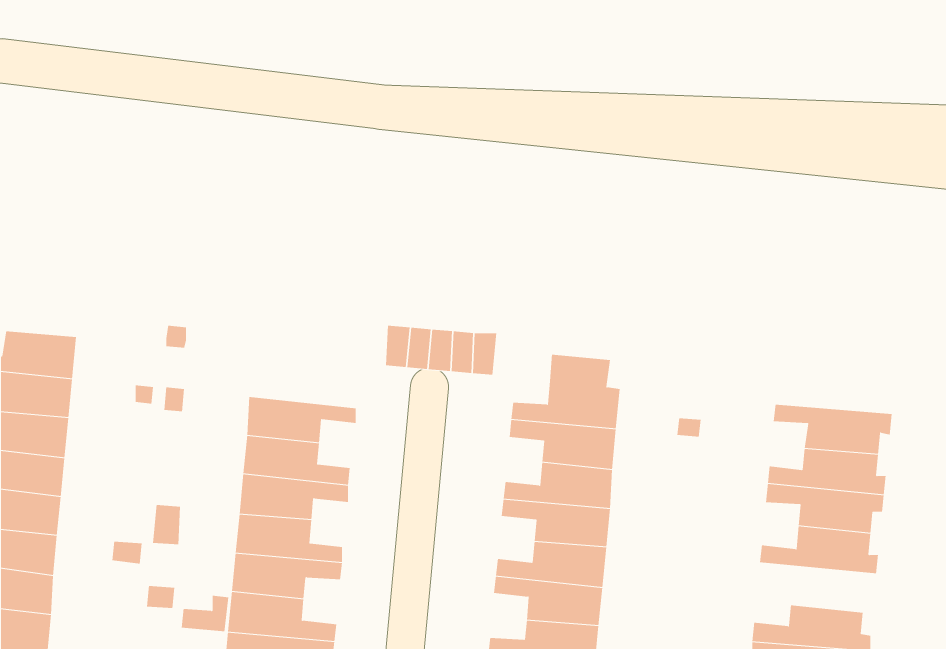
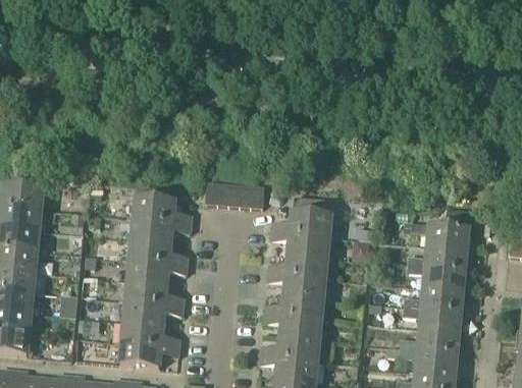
building: none -> [134,197,192,225]
building: none -> [403,307,466,333]

